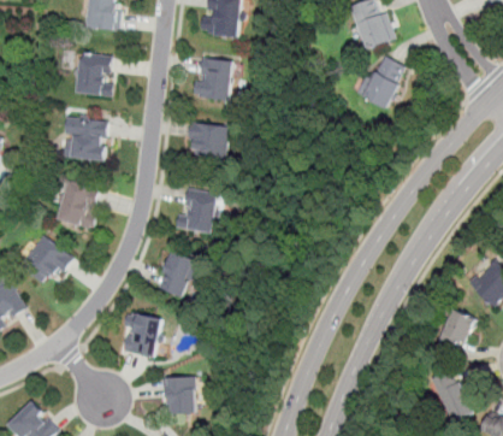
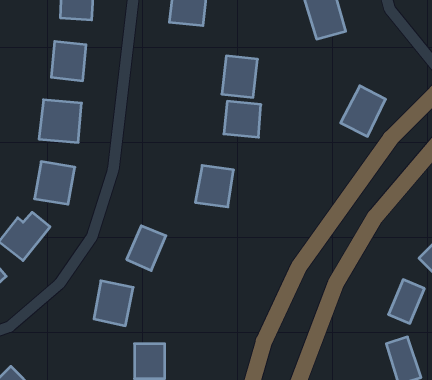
building: [356,54,404,108] -> [341,86,386,136]
building: [194,55,232,100] -> [222,56,258,97]
building: [187,122,226,160] -> [224,101,261,137]
building: [177,189,218,234] -> [195,165,234,207]

